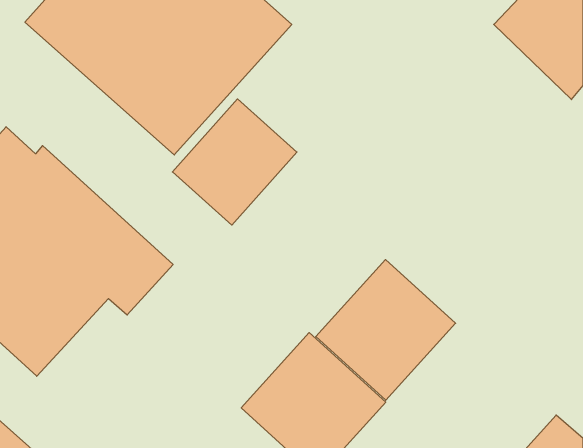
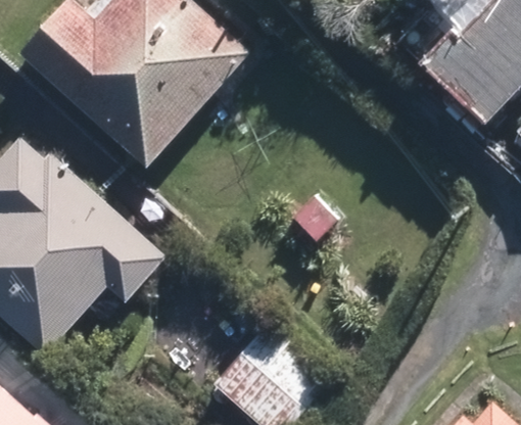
building: [172,99,297,225] -> none
building: [316,260,456,400] -> none

